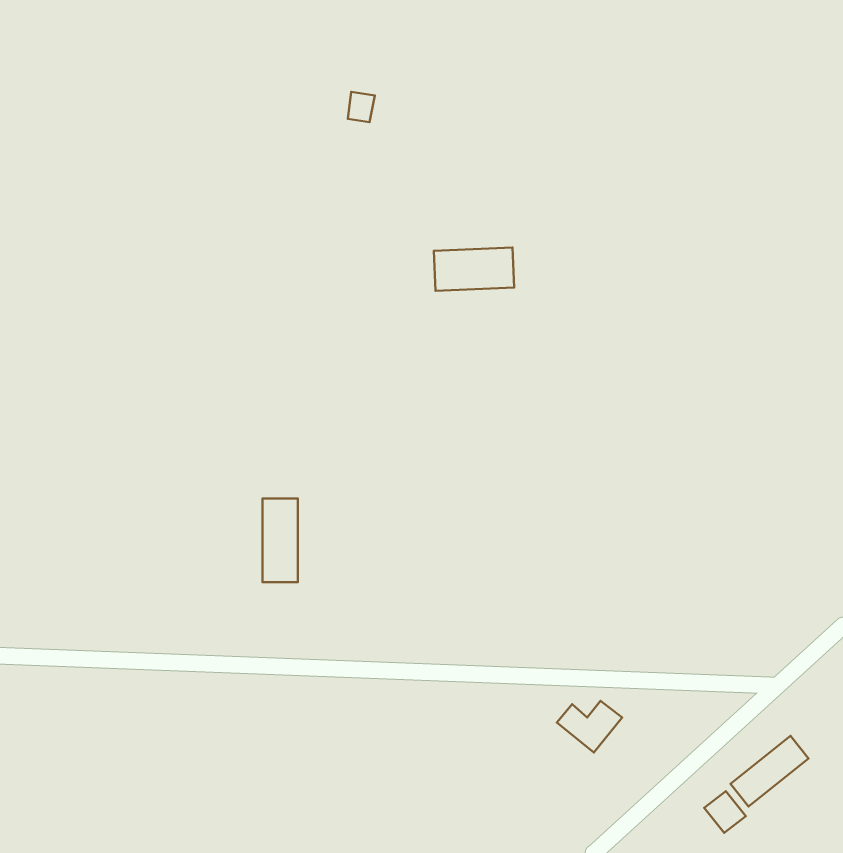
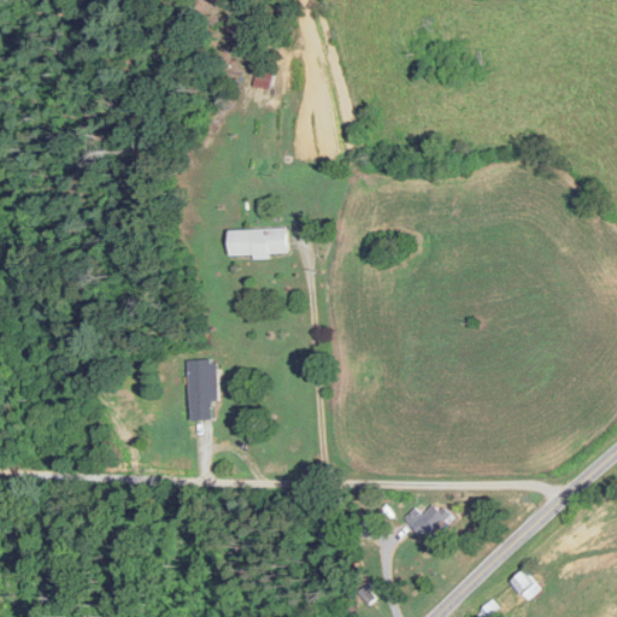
building: [434,247,514,291] -> [227,227,284,258]
building: [730,736,809,807] -> none

